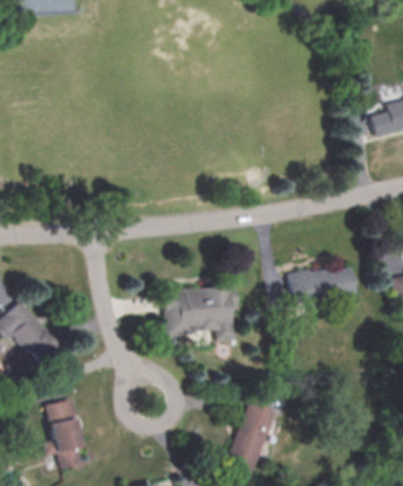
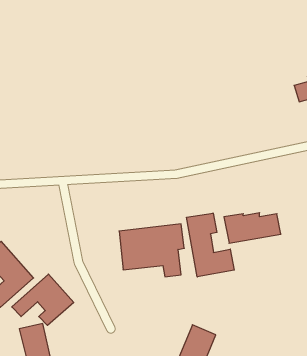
building: none -> [187,213,234,277]
building: none -> [12,274,74,325]

